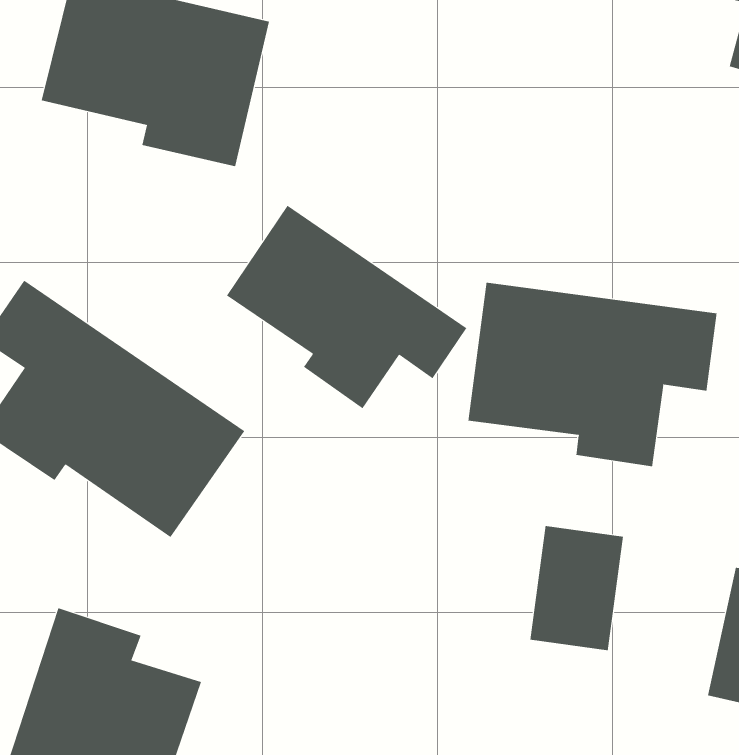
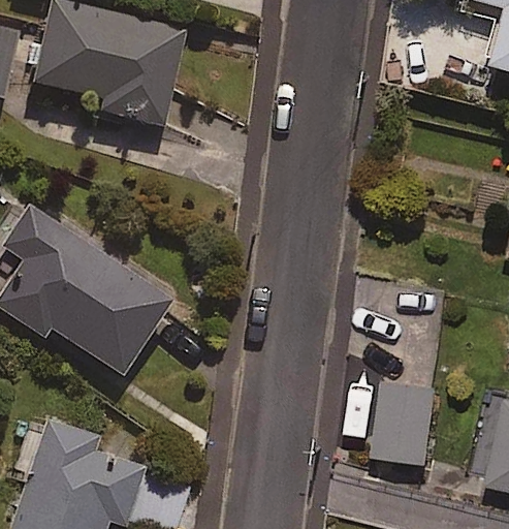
building: [226,205,467,409] -> none
building: [468,282,717,467] -> none

